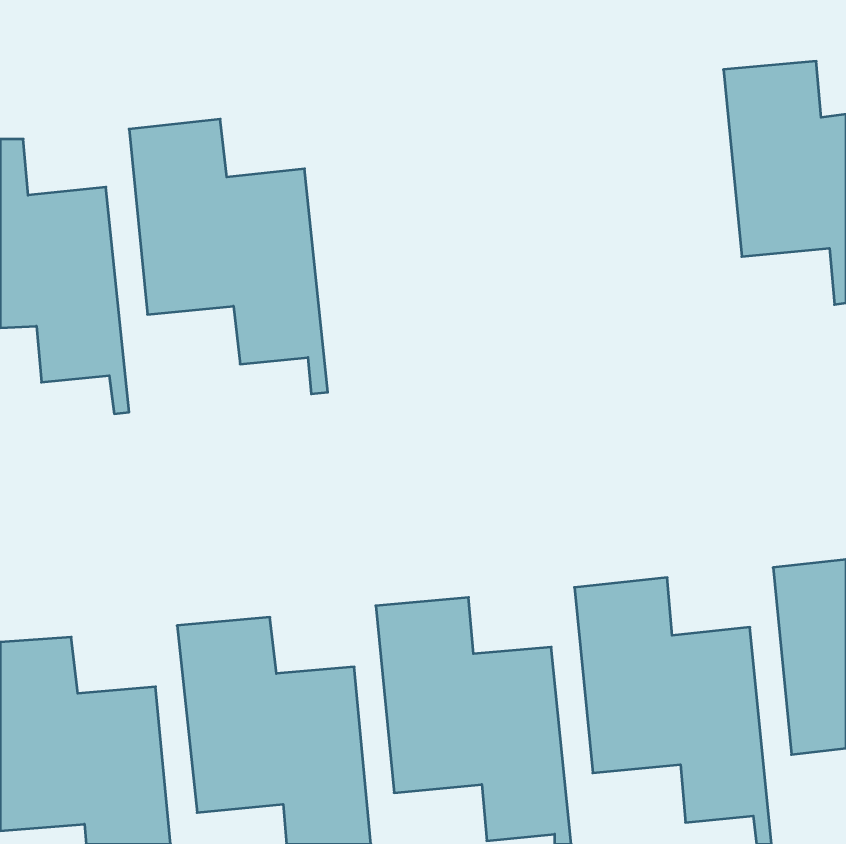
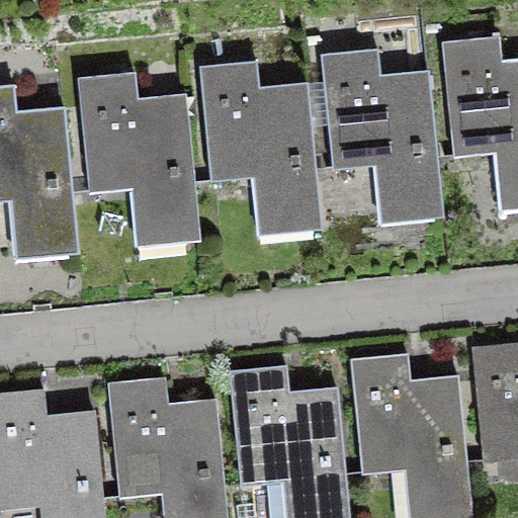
building: none -> [322,50,443,219]
building: none -> [200,61,322,237]

